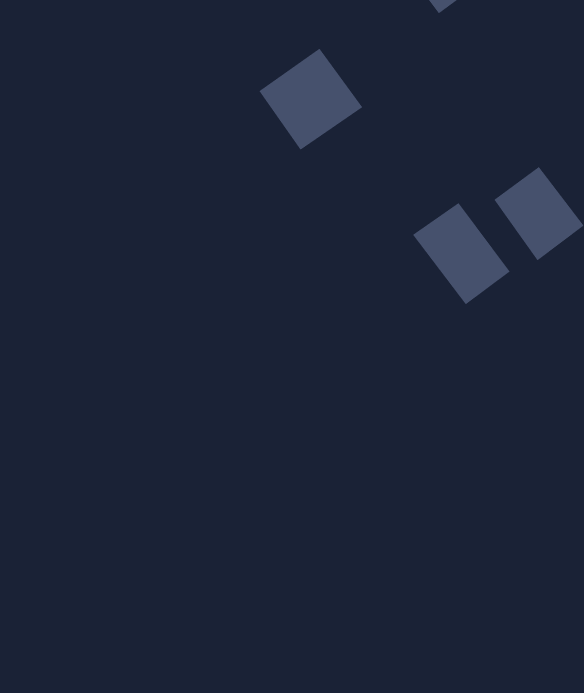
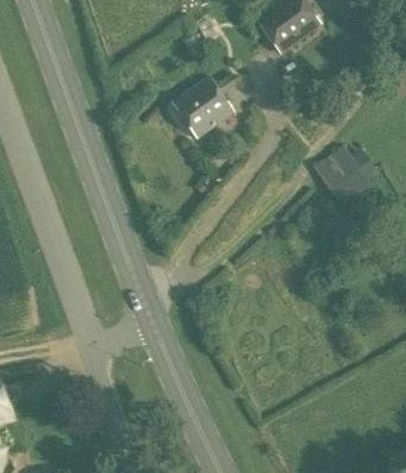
building: [412,202,510,305] -> none

